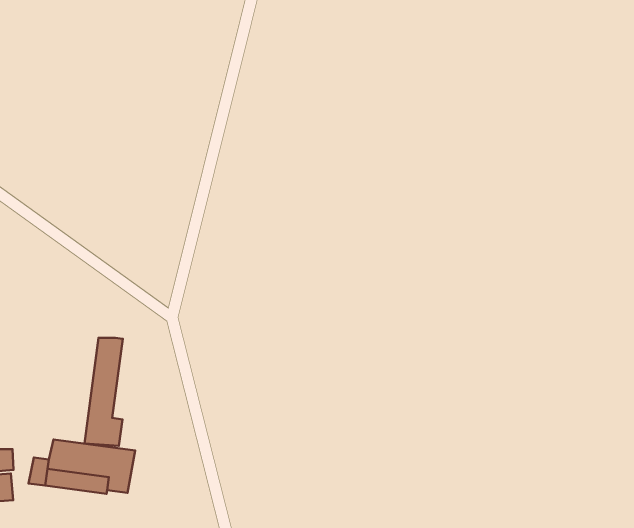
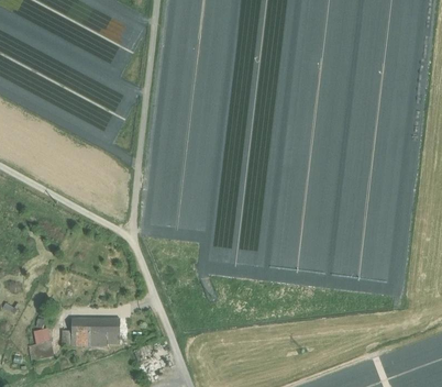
building: [84,338,123,446] -> none

